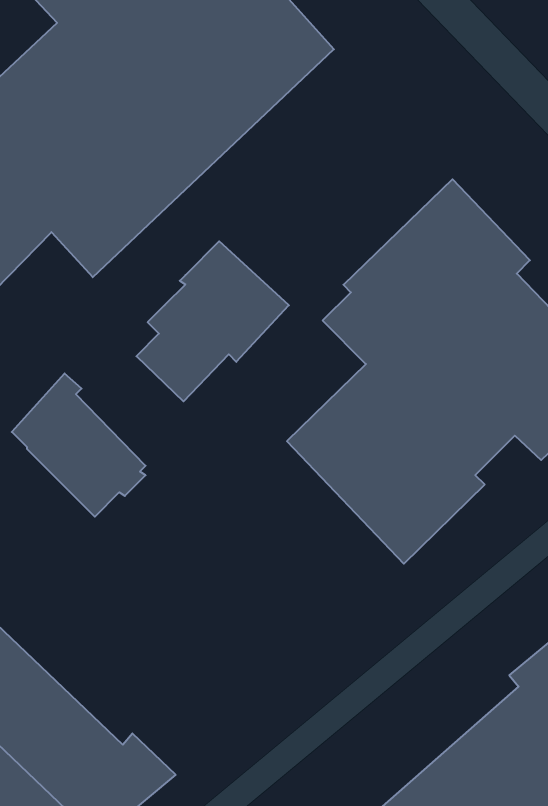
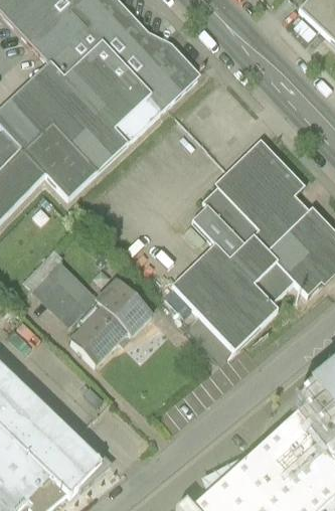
building: [136,241,289,401] -> [69,279,151,364]

